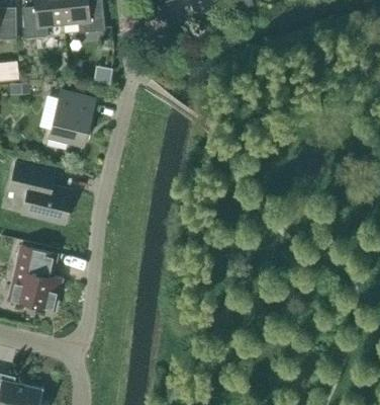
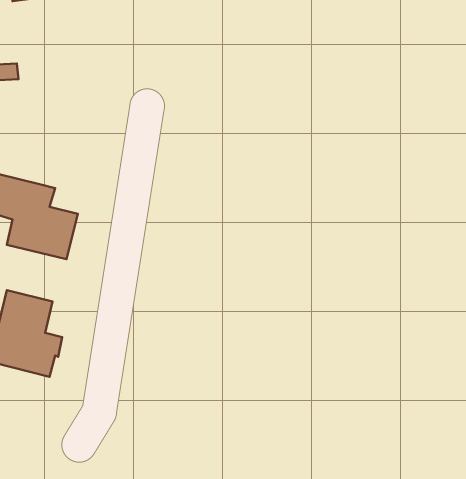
building: [48,90,93,146] -> none

